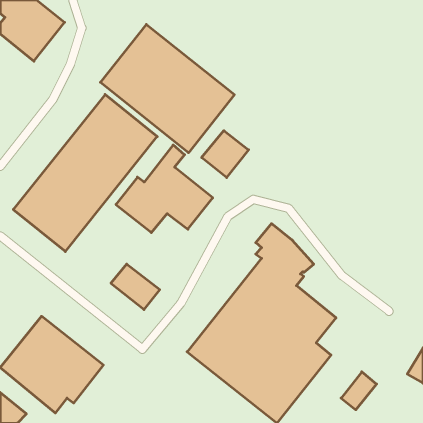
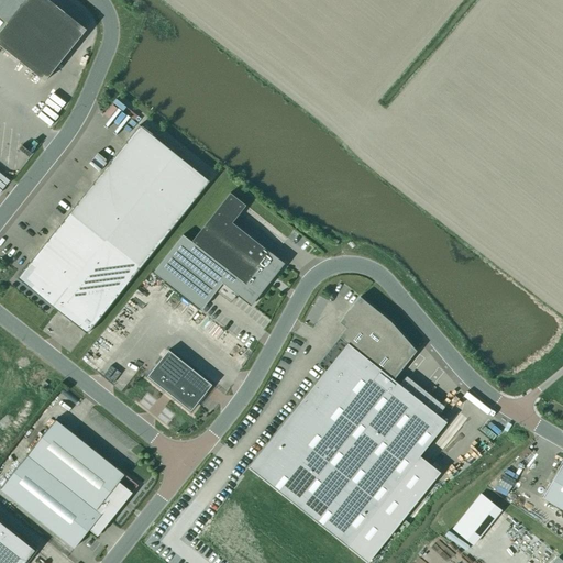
building: [100,24,234,153] -> none
building: [202,131,249,178] -> none

